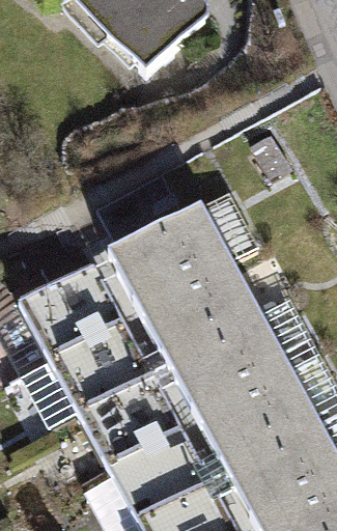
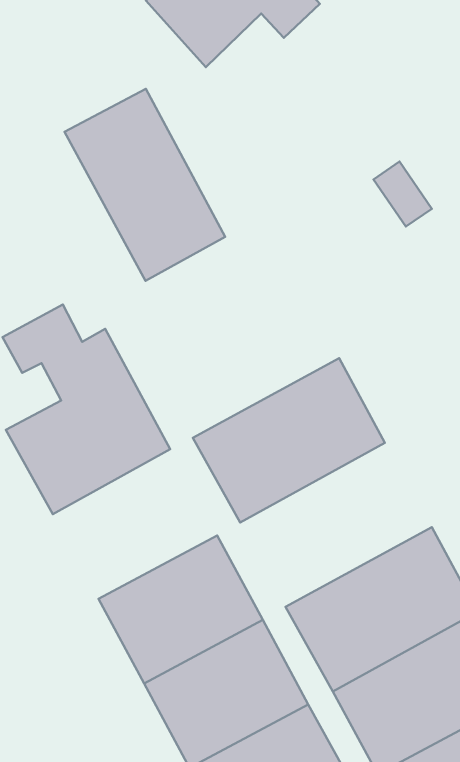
building: none -> [65,89,225,281]
building: [105,187,254,306] -> none
building: [164,309,286,414] -> none
building: [45,313,149,409] -> none

